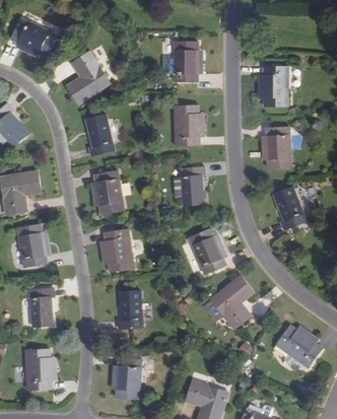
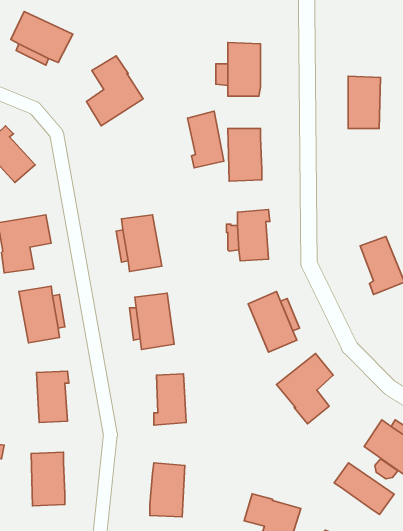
building: [85,114,113,156] -> [187,111,224,168]
building: [265,127,291,167] -> none
building: none -> [334,463,394,514]

